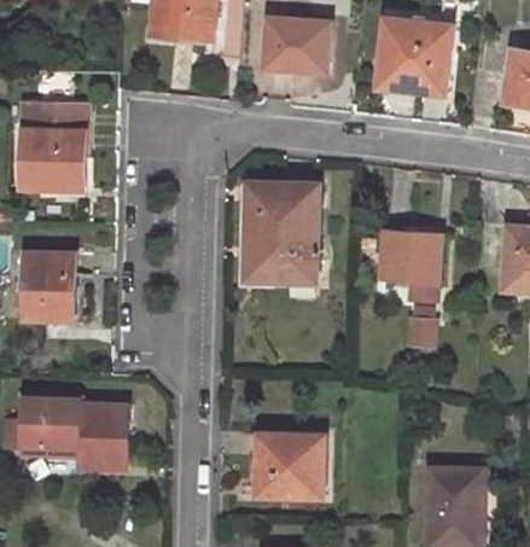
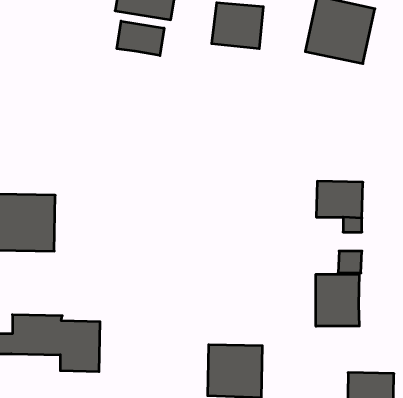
building: none -> [117,21,164,56]
building: [19,104,85,190] -> none
building: [246,182,319,281] -> none
building: none -> [316,274,359,326]

